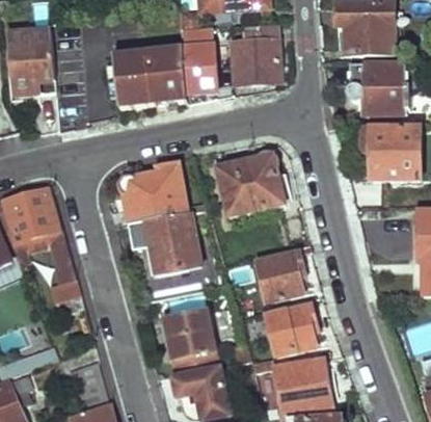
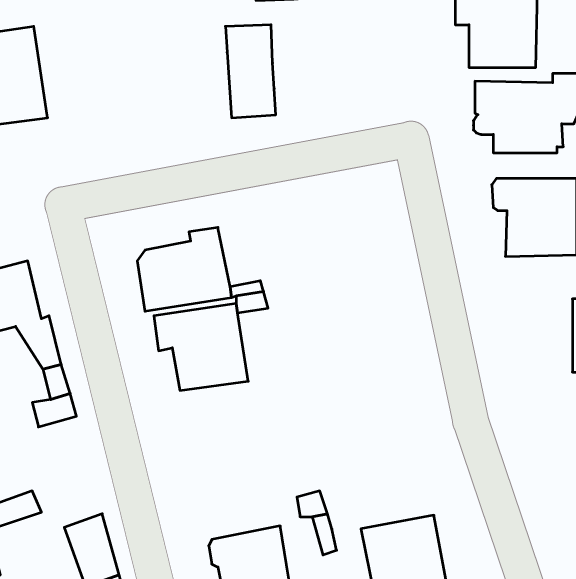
building: [235,26,281,82] -> none
building: [114,44,185,103] -> none
building: [215,153,282,215] -> none
building: [254,250,301,300] -> none
building: [266,304,314,354] -> none
building: [162,307,213,371] -> none

